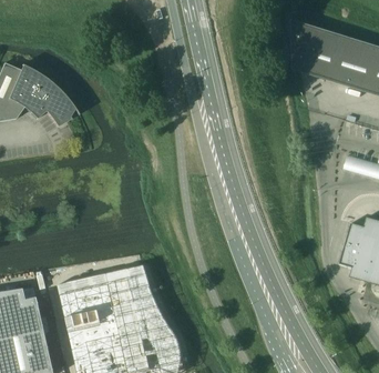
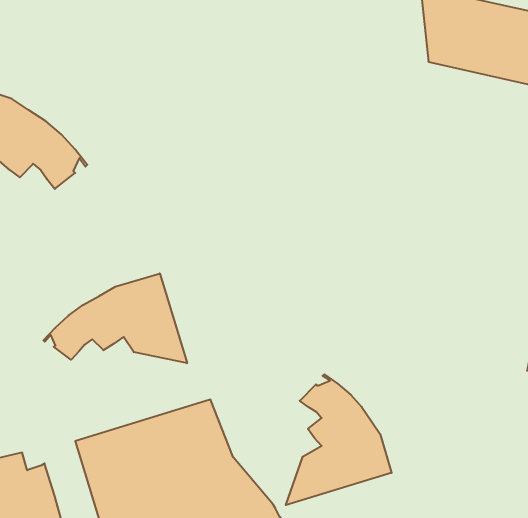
building: none -> [43,273,187,363]
building: none -> [286,374,392,505]

